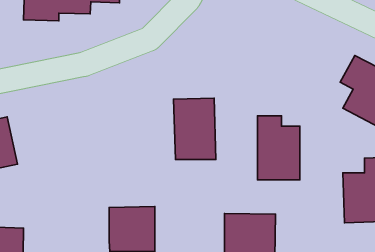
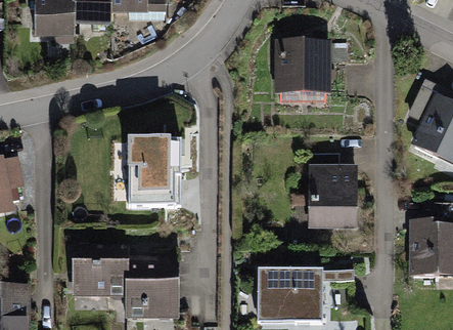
building: none -> [276,37,331,94]
building: [174,98,216,160] -> [127,136,177,209]
building: none -> [77,242,132,300]

